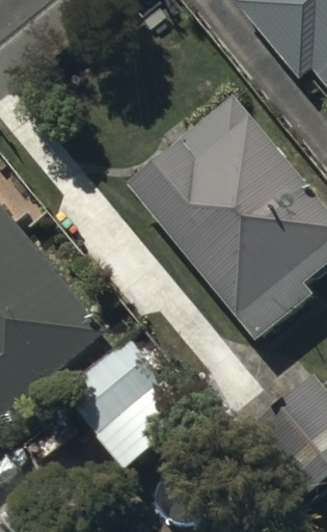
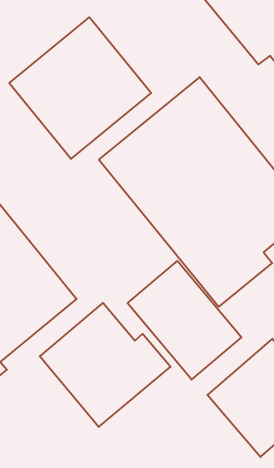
building: none -> [9,17,151,159]
building: none -> [128,261,241,380]

